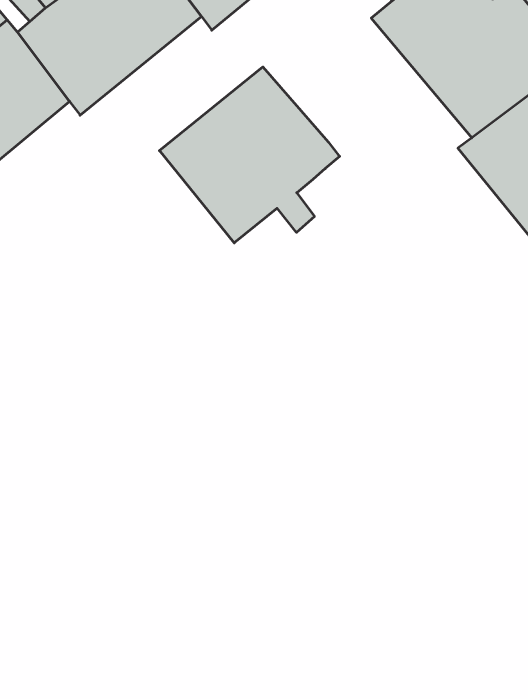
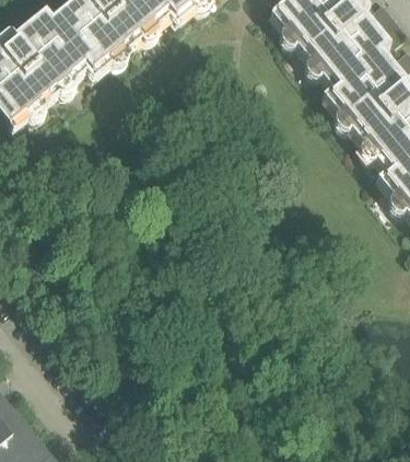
building: [159,67,340,243] -> none

